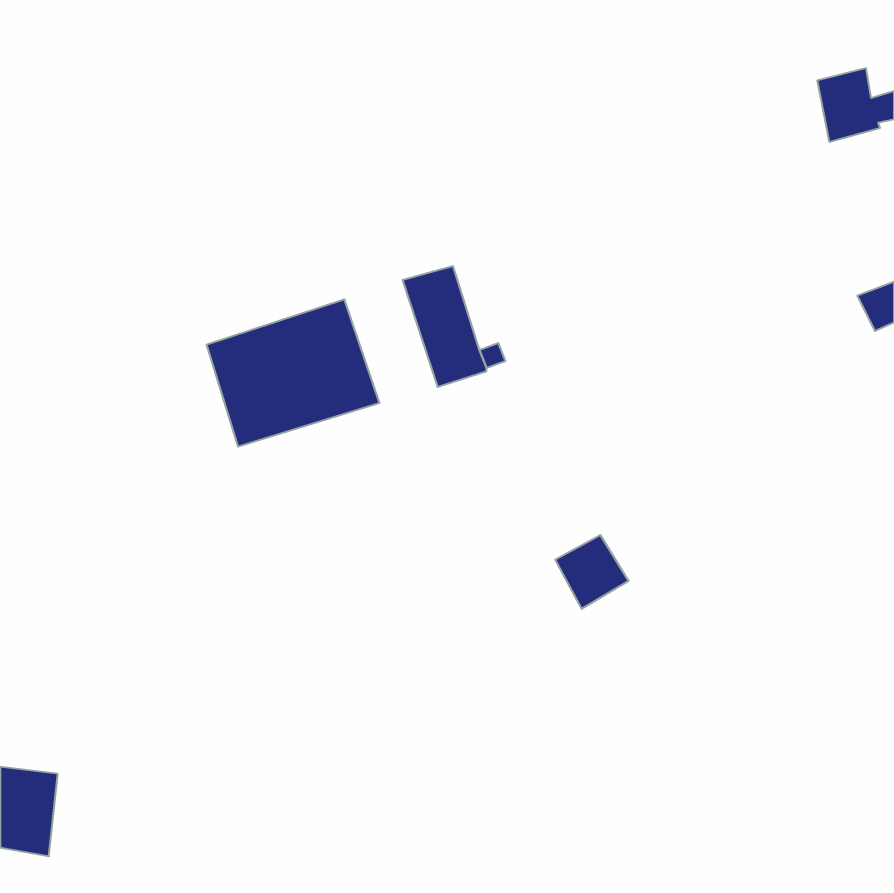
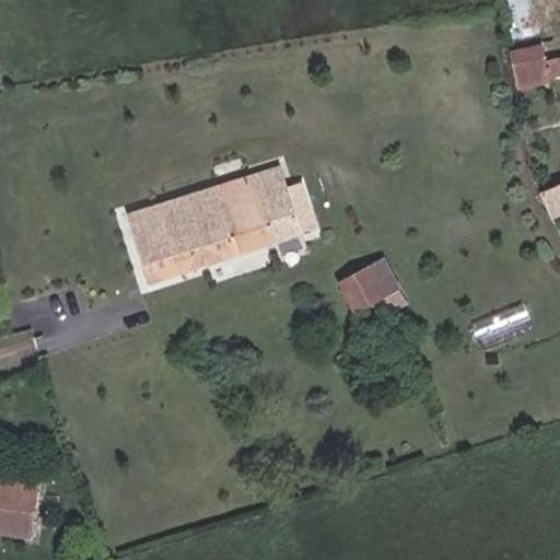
building: none -> [215,176,273,253]
building: [555,535,629,609] -> [340,267,386,313]

